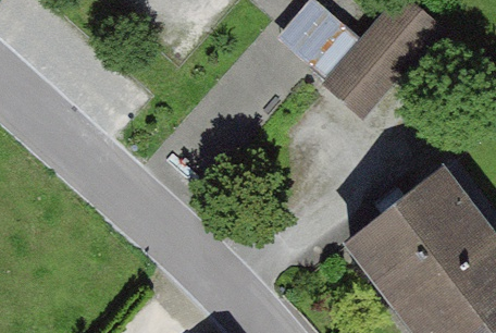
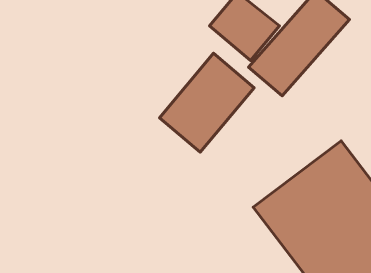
building: none -> [160,53,254,152]

